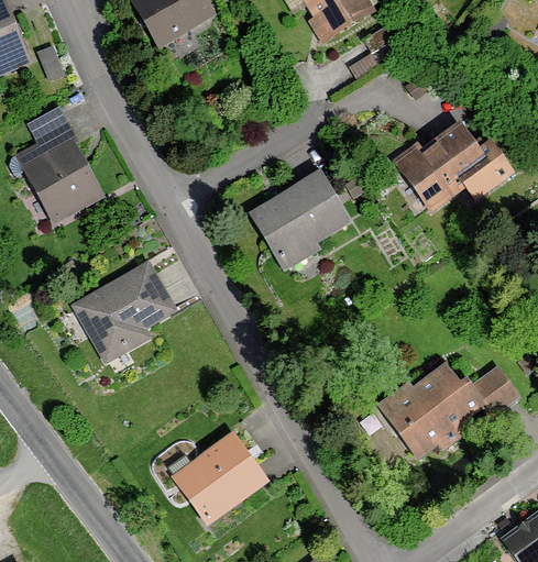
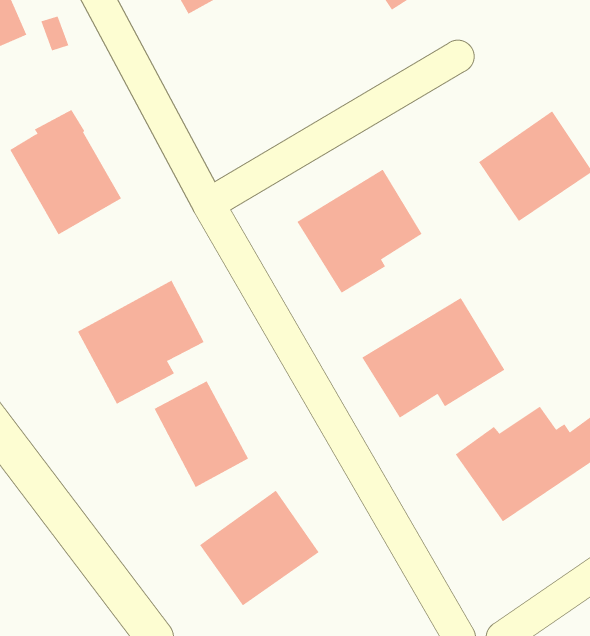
building: none -> [361,297,505,419]
building: none -> [154,381,249,488]

